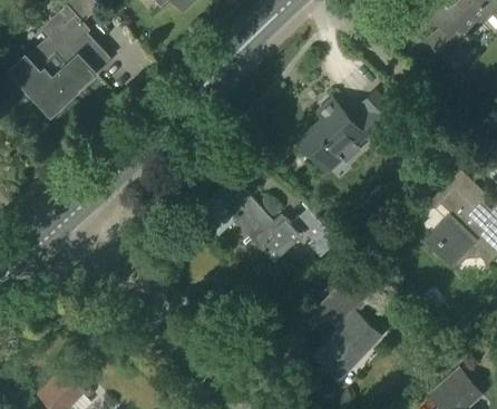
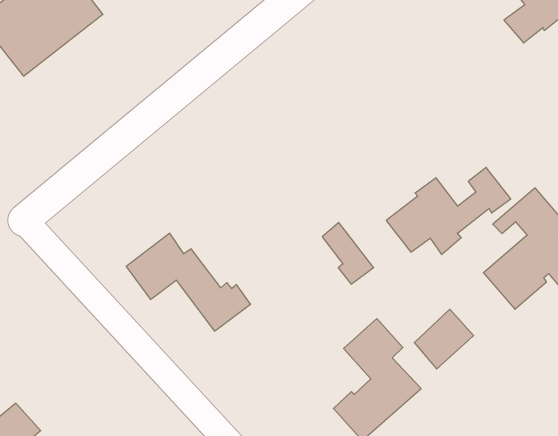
building: [299,95,396,166] -> [386,167,511,254]
building: [195,184,295,259] -> [126,233,251,331]
building: none -> [414,309,474,369]

